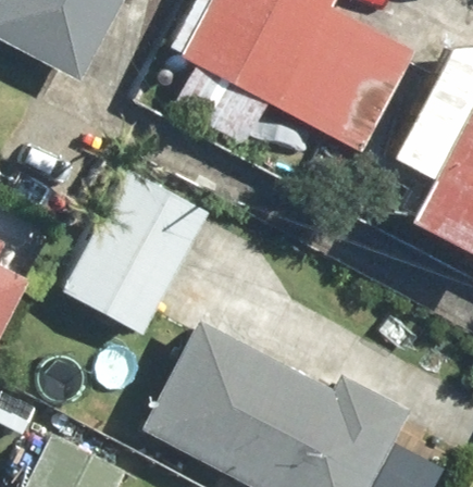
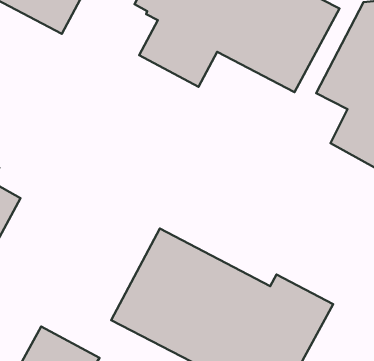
building: [62,170,209,334] -> none

